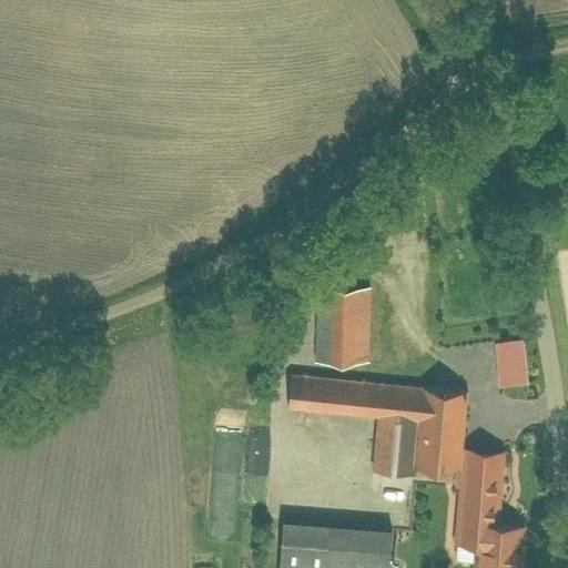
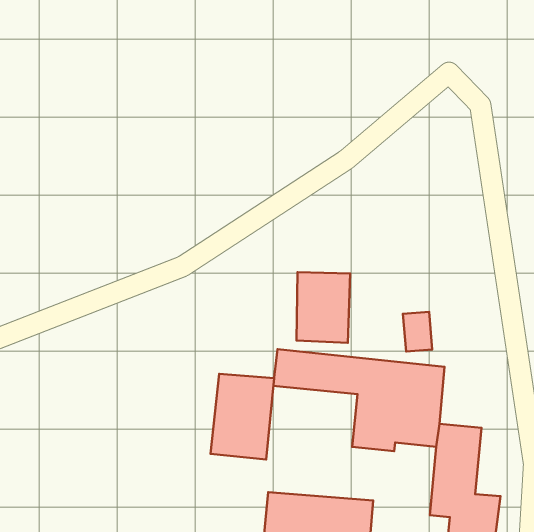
building: [497,347,528,389] -> [403,312,432,352]
building: none -> [210,374,274,460]

